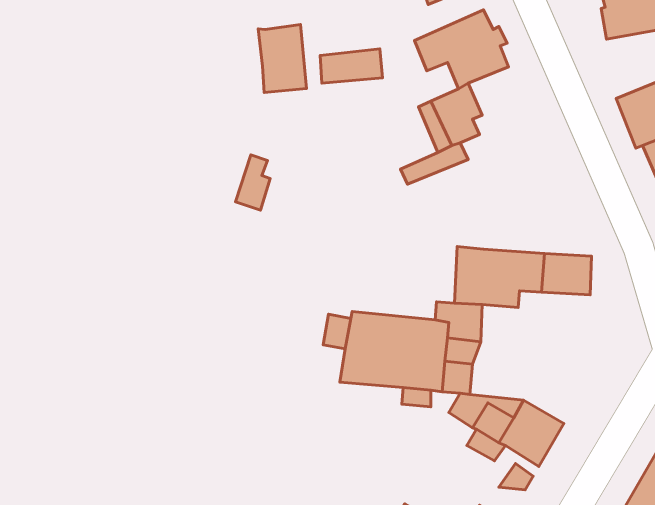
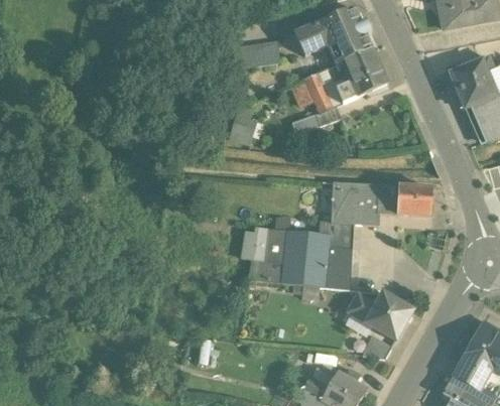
building: [258,25,307,93] -> none
building: none -> [342,49,386,99]
building: [236,155,270,210] -> [230,104,255,144]

